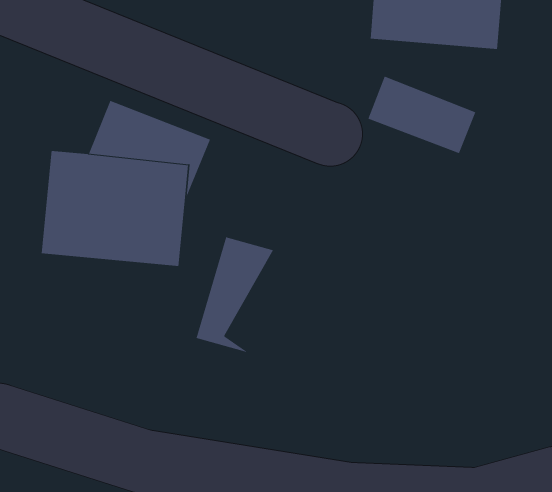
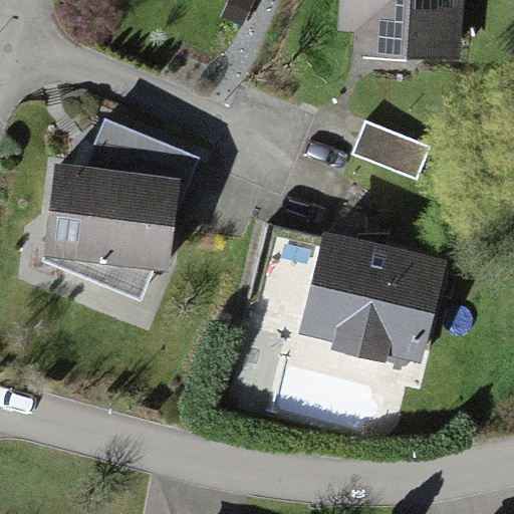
building: none -> [287,222,436,345]
building: [196,237,274,354] -> none

